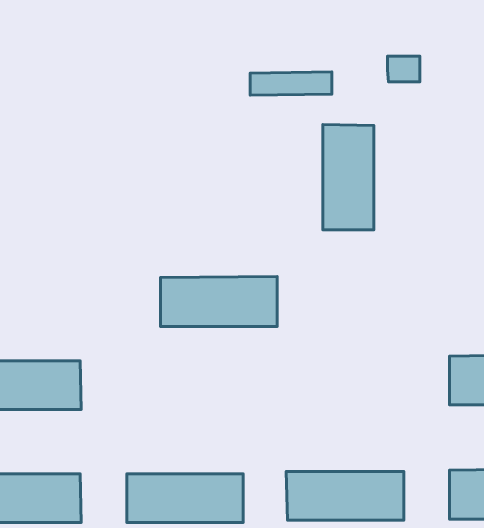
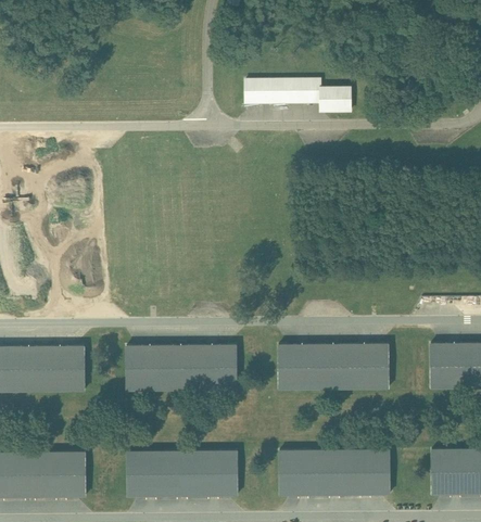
building: [387,56,420,82] -> [320,85,351,109]
building: [323,125,374,230] -> none
building: [161,276,277,326] -> [127,343,236,390]
building: none -> [277,344,385,391]

